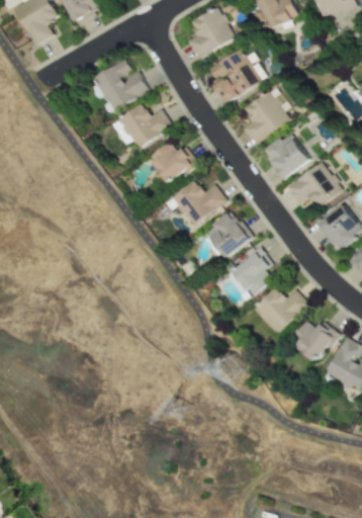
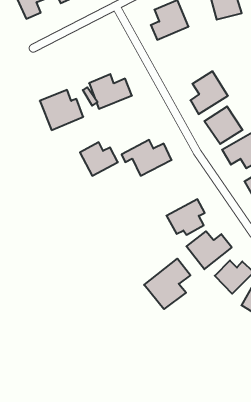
building: [209,50,261,103] -> none
building: [94,60,149,110] -> [40,90,83,130]
building: [149,142,196,183] -> [80,142,118,176]
building: [205,210,253,258] -> none
building: none -> [144,259,190,309]

